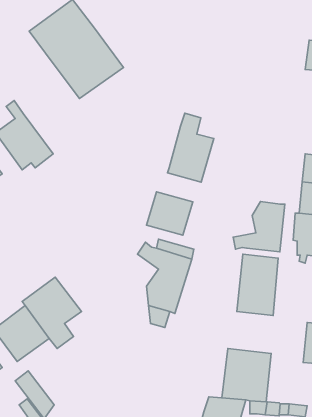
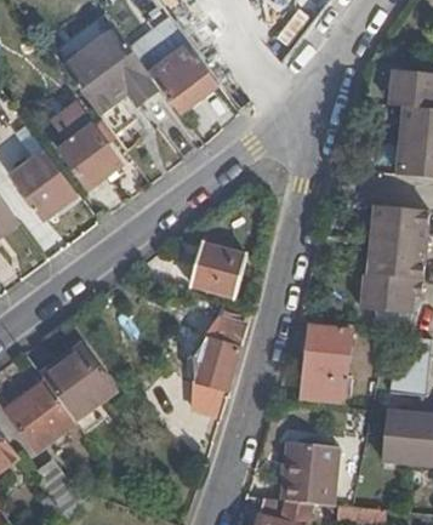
building: none -> [130,22,216,114]
building: none -> [49,104,121,192]
building: [168,113,214,182] -> none
building: [233,202,285,252] -> none

